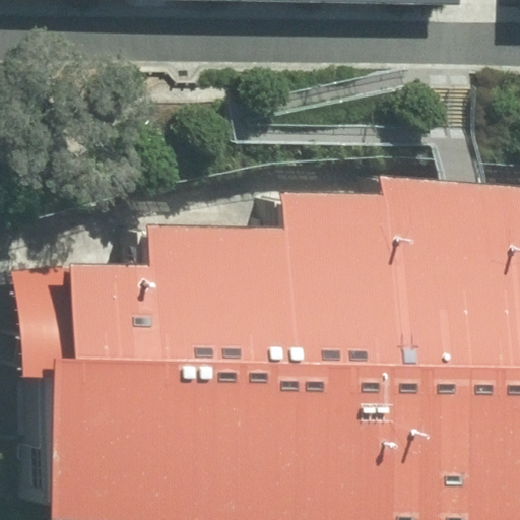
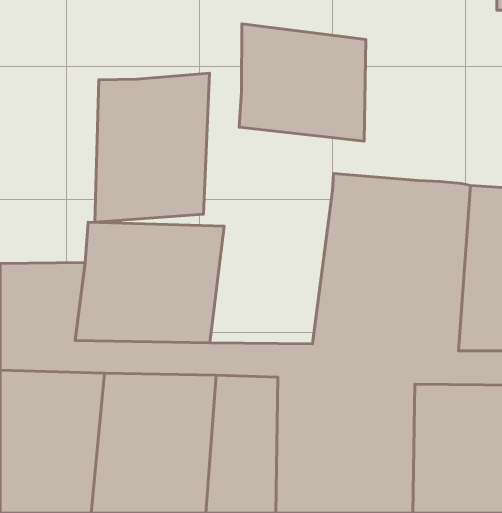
building: none -> [239,24,366,141]
building: none -> [95,73,210,222]
building: [226,190,349,344] -> none

